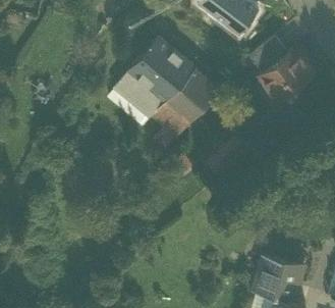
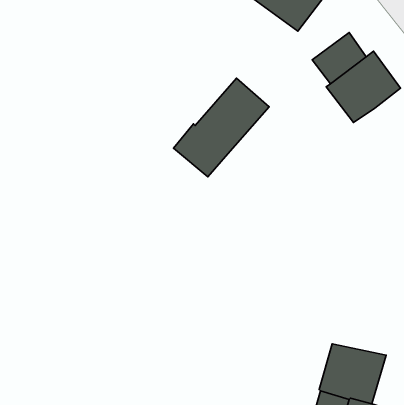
building: [114,37,196,118] -> none

